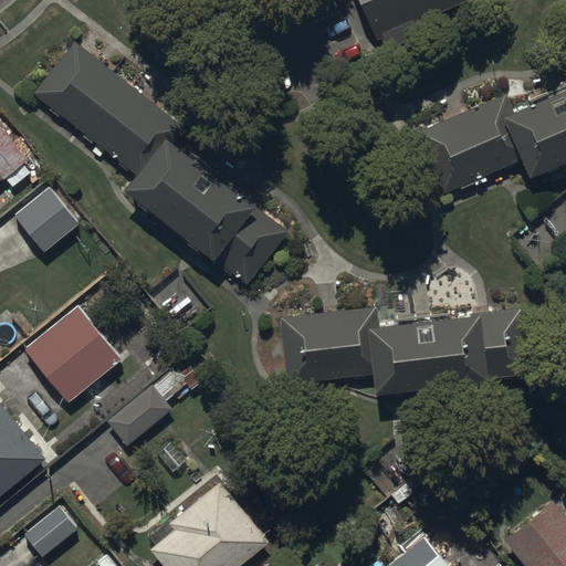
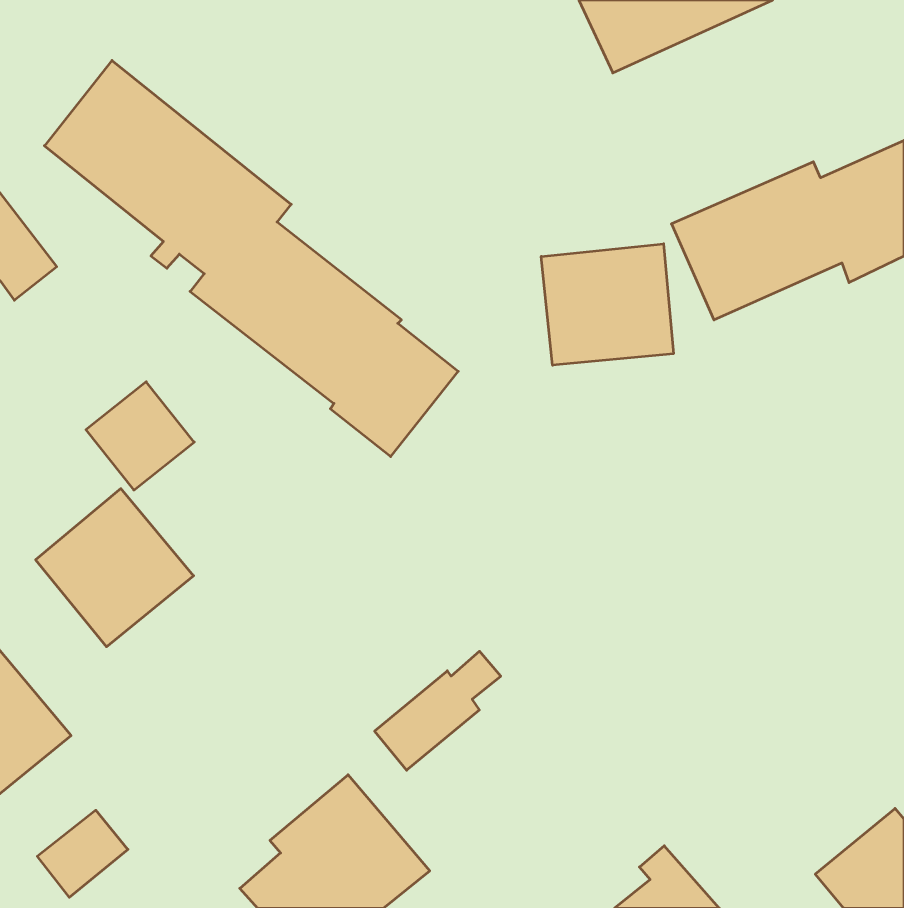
building: none -> [541,244,673,365]
building: [15,184,83,251] -> [86,382,194,490]
building: [281,311,530,391] -> none
building: [108,373,187,447] -> [375,651,501,770]

